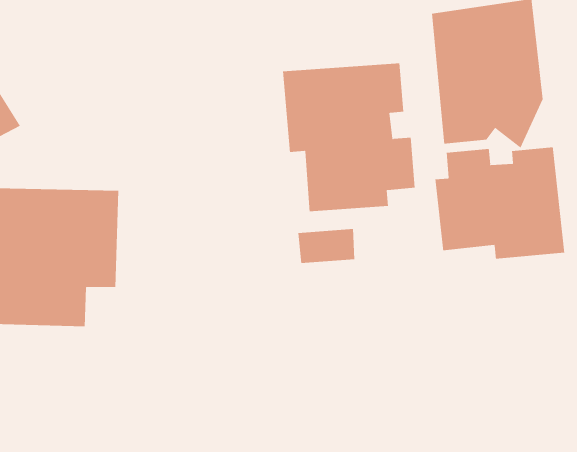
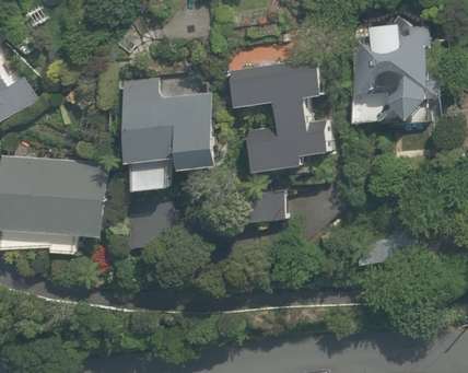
building: none -> [119,75,215,198]
building: [435,146,565,260] -> none

